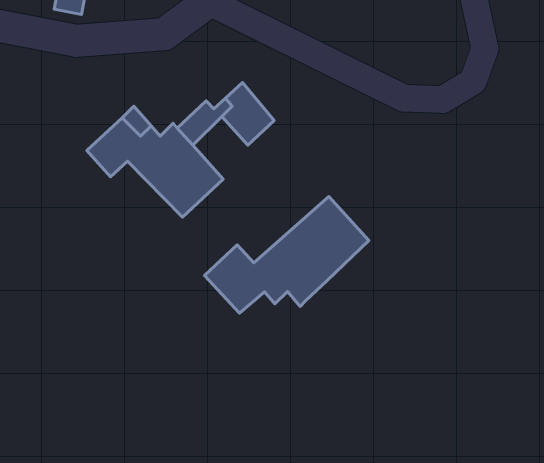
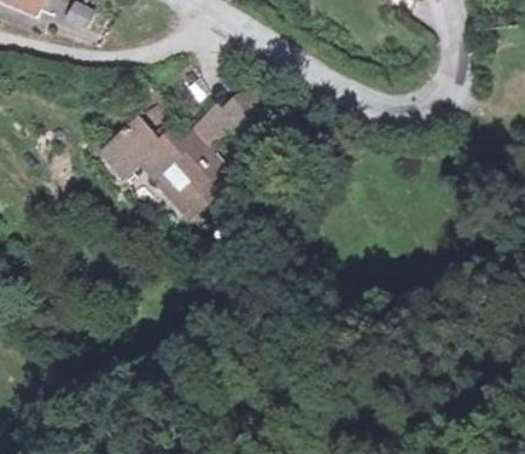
building: [205,197,369,313] -> none

